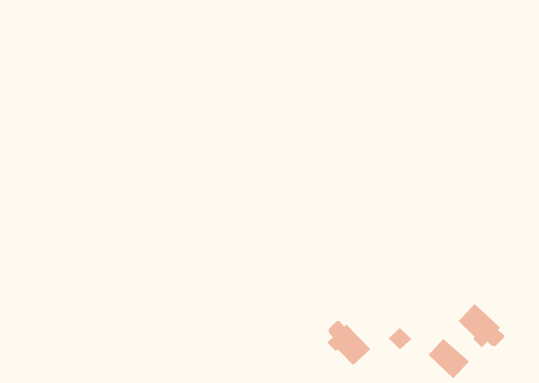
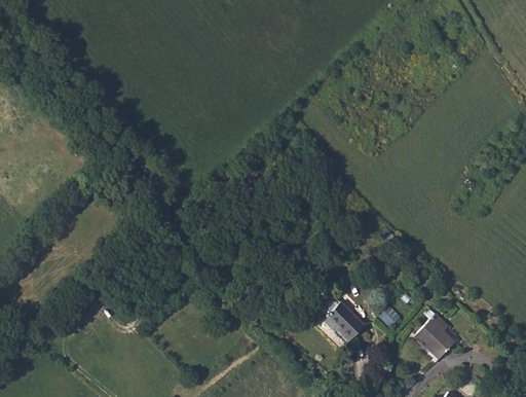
building: [458,303,504,348] -> none

